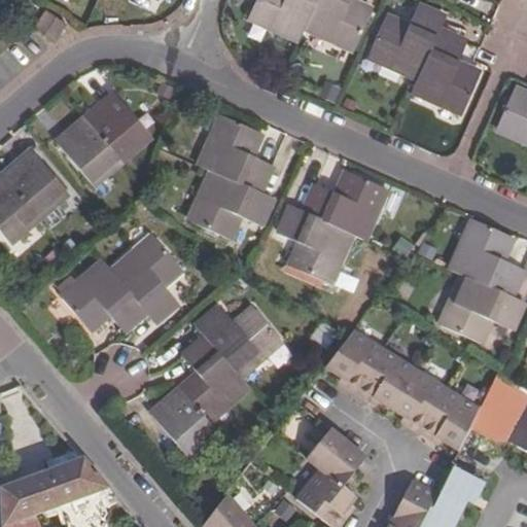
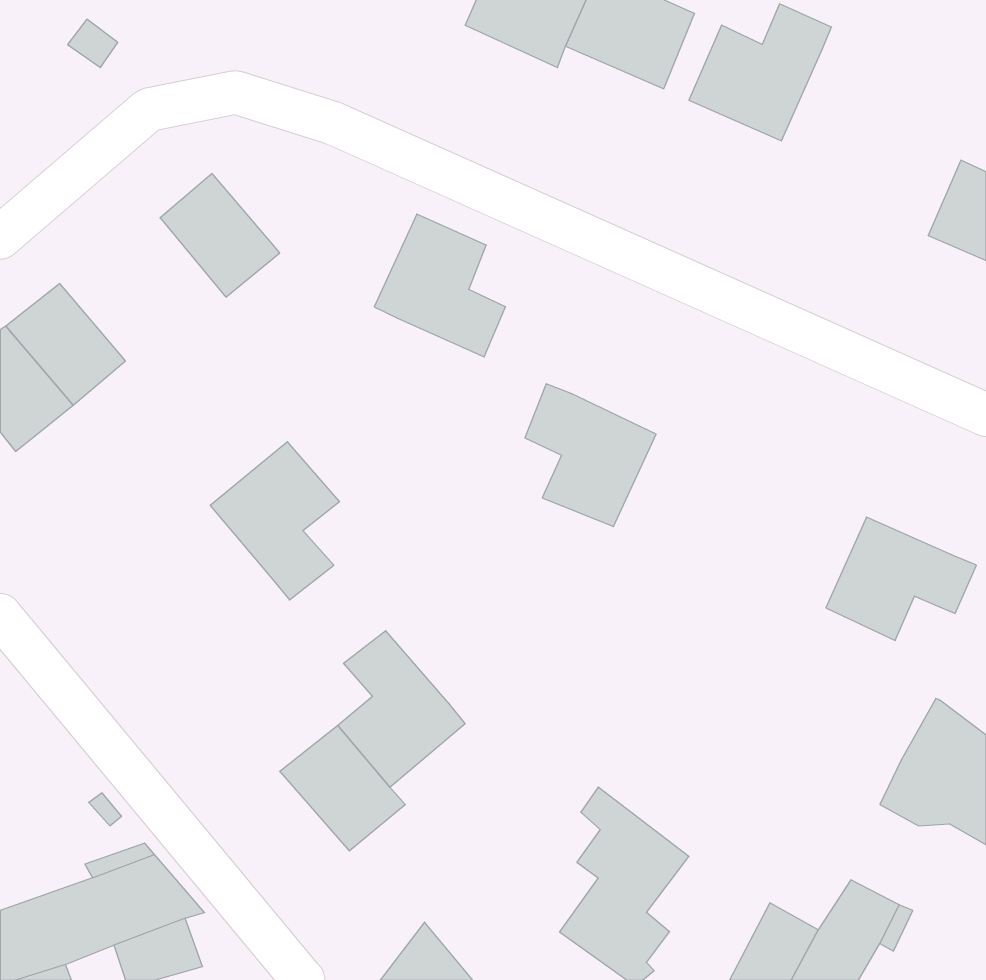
building: [412,27,479,109] -> none
building: [56,116,120,183] -> none
building: [189,170,271,238] -> none
building: [305,170,385,237] -> none
building: [450,219,522,296] -> none
building: [62,260,146,329] -> none
building: [197,305,281,376] -> none
building: [322,329,477,452] -> none

